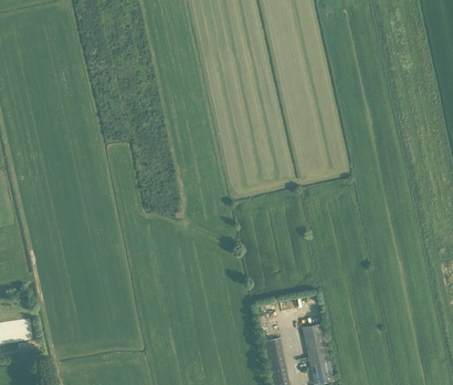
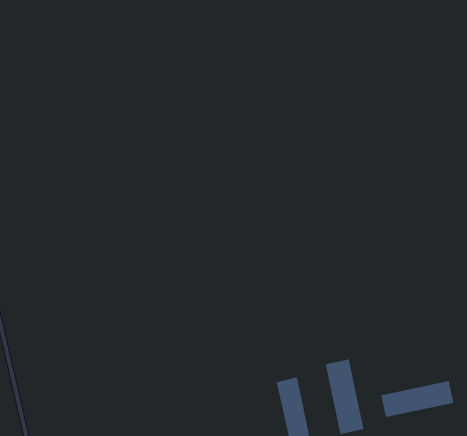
building: none -> [380,380,454,418]

